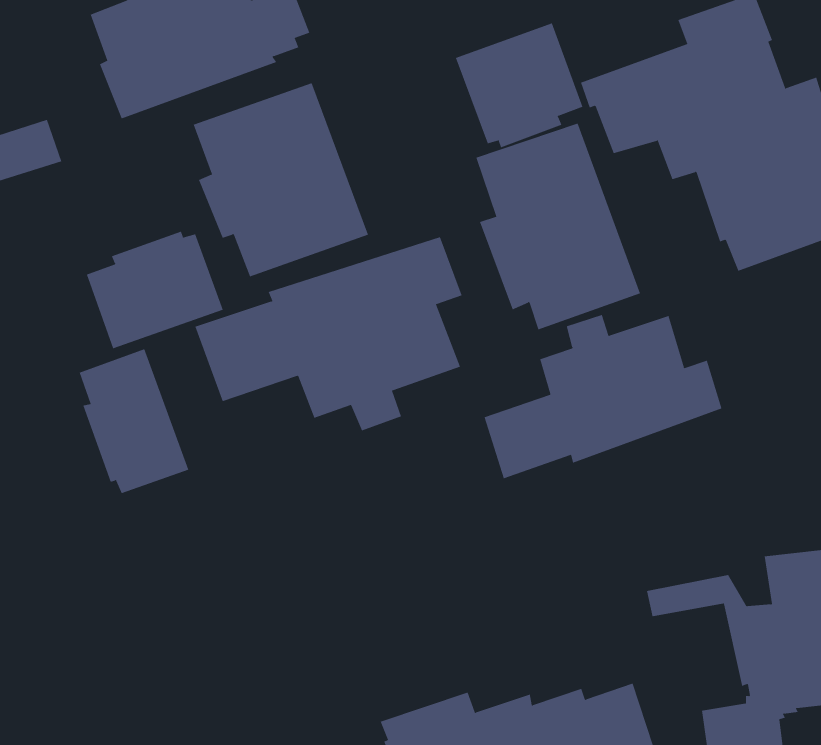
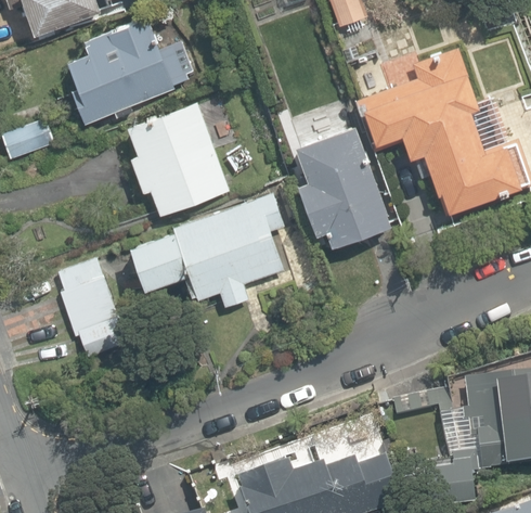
building: [455,22,583,148] -> none
building: [86,231,223,349] -> none
building: [484,314,722,479] -> none

